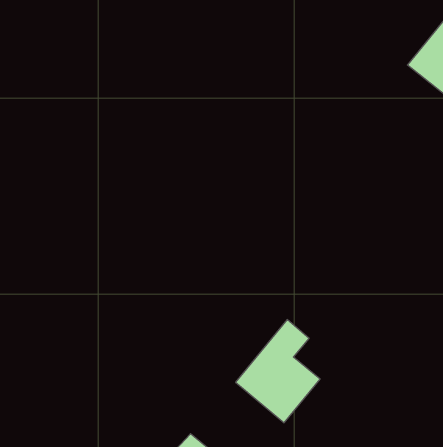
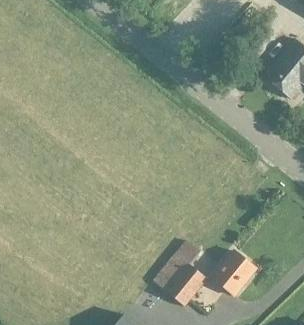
building: none -> [210,250,257,295]

